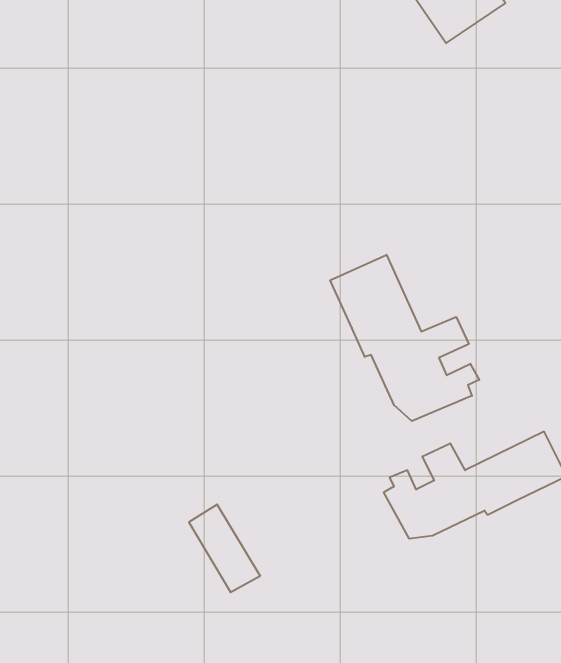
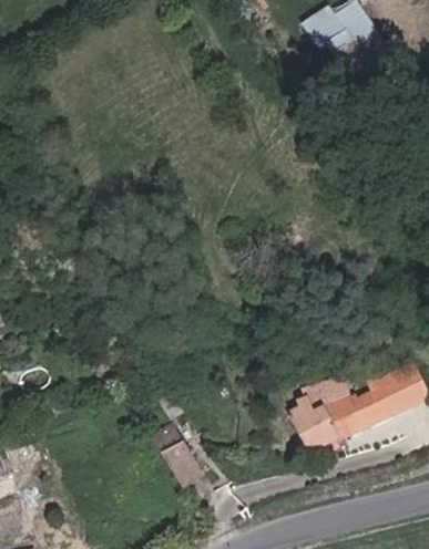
building: [330,255,479,421] -> none

